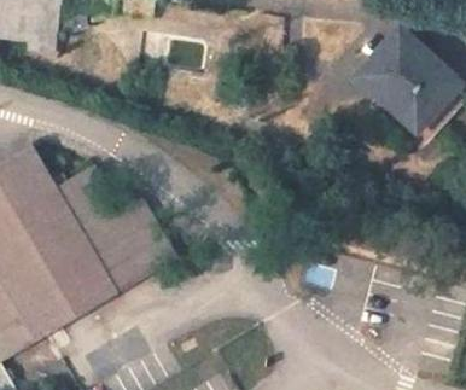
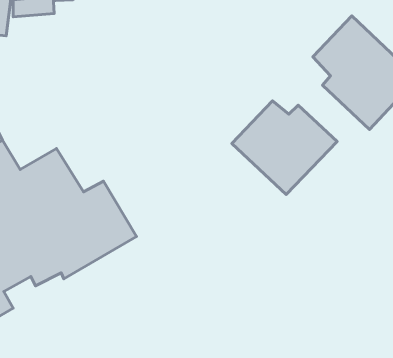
building: none -> [232,101,337,195]

